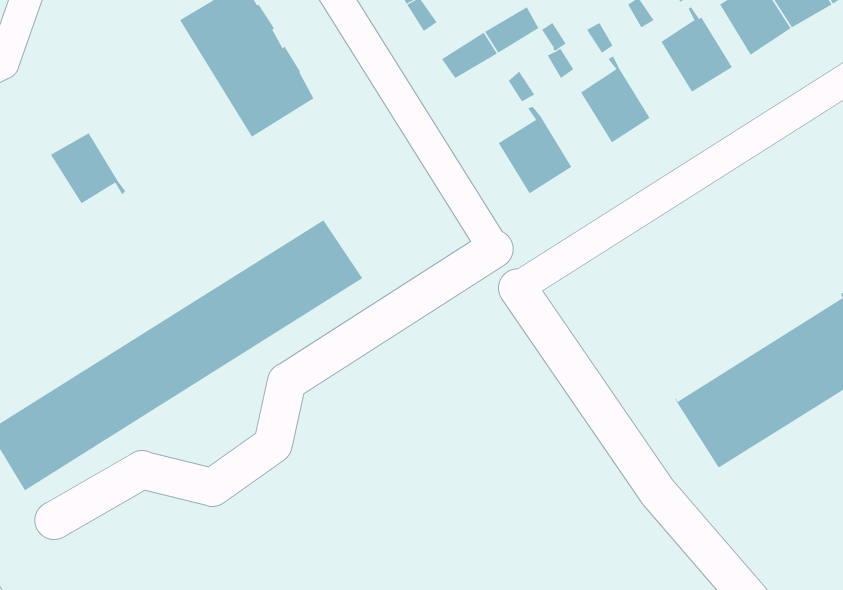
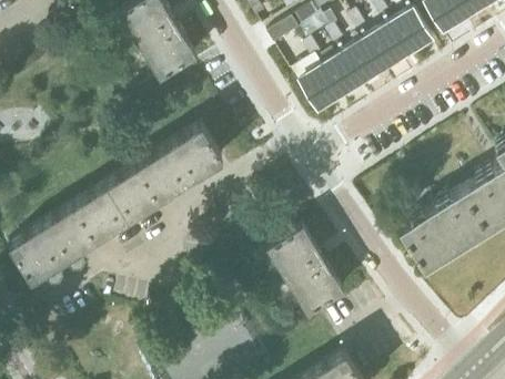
building: none -> [368,21,410,71]
building: none -> [324,50,364,99]
building: [50,132,126,204] -> none
building: none -> [267,228,344,316]

